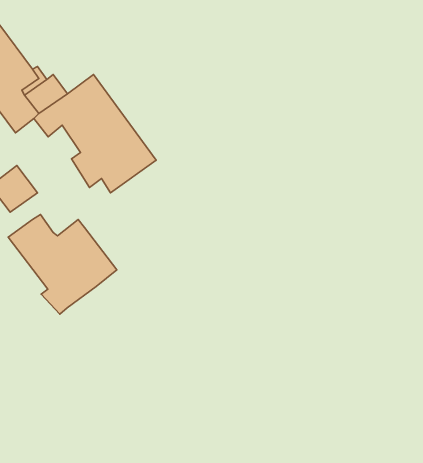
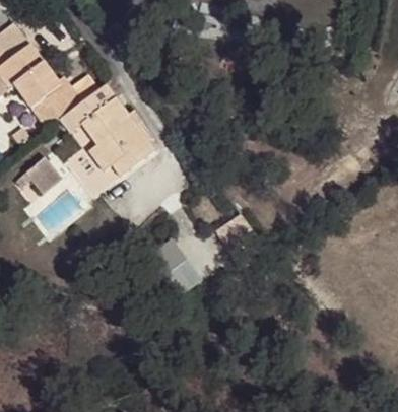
building: [8,215,117,314] -> none

